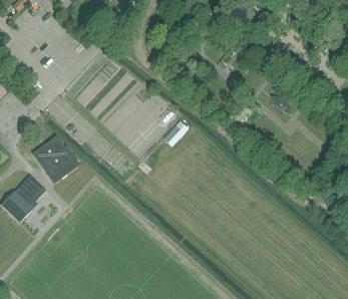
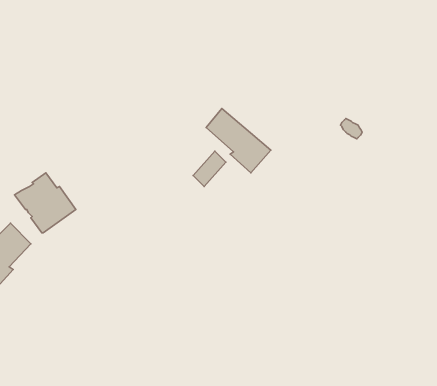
building: none -> [206,108,271,173]

